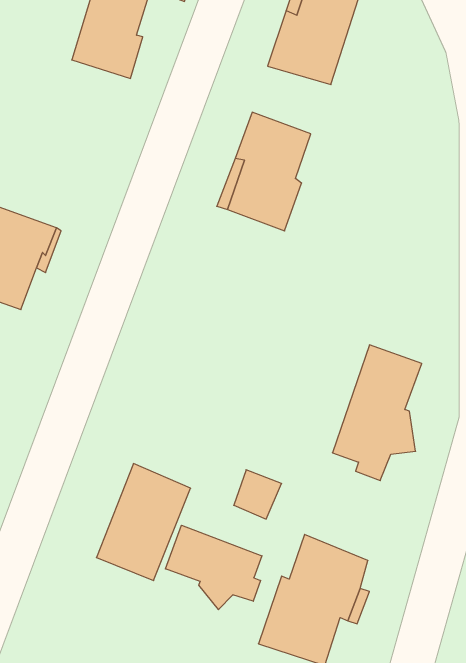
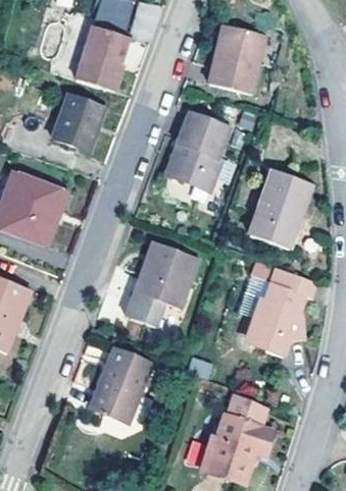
building: none -> [54,92,107,150]
building: none -> [244,167,309,247]
building: none -> [130,241,200,328]
building: [165,525,262,610] -> none

